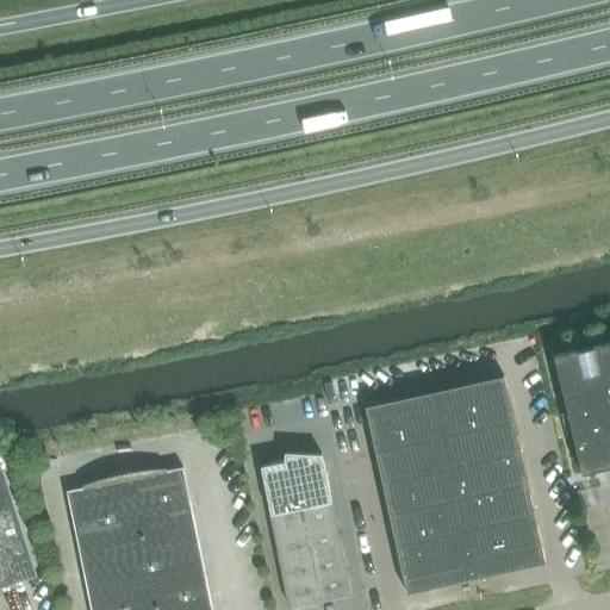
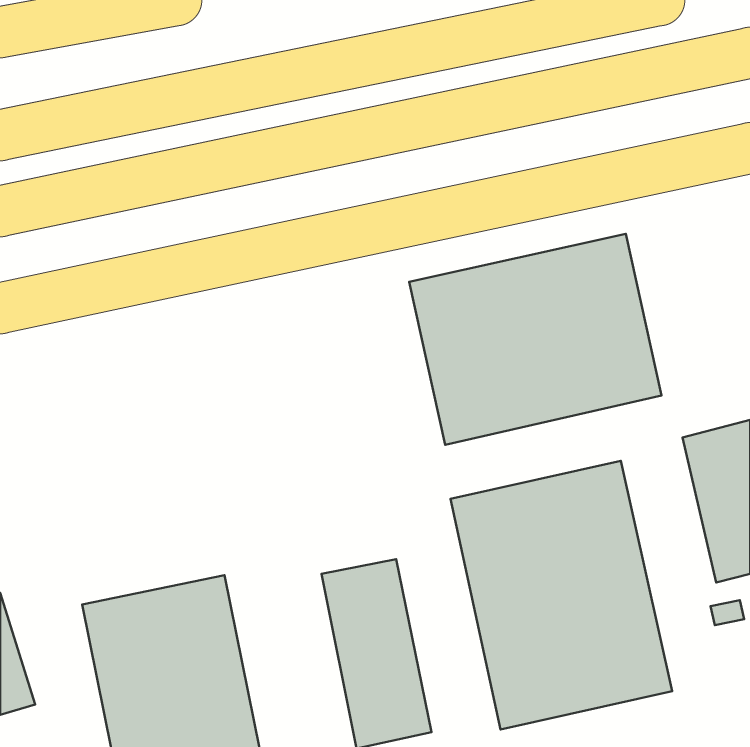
building: none -> [409,234,661,445]

